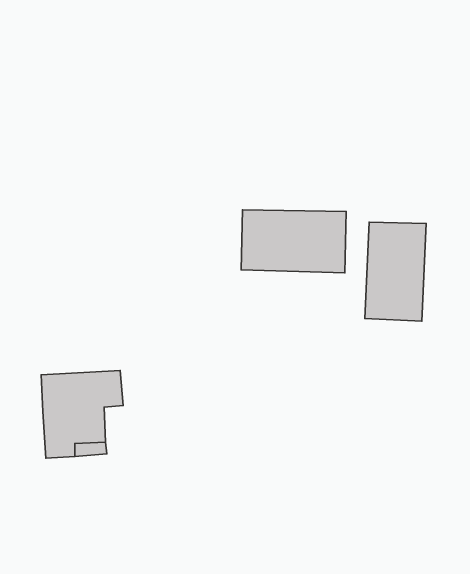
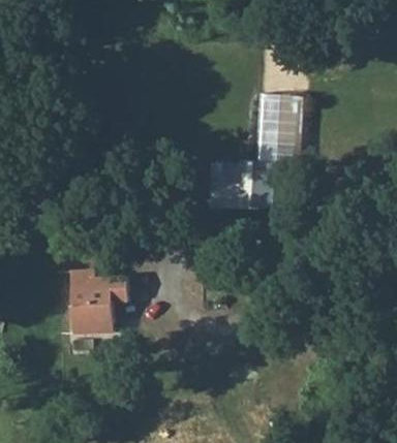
building: [365,222,426,321] -> [257,89,301,159]

